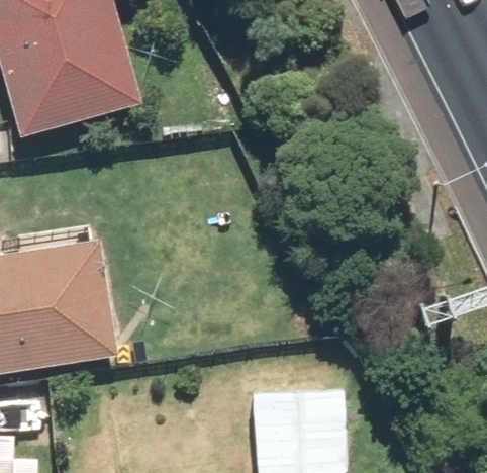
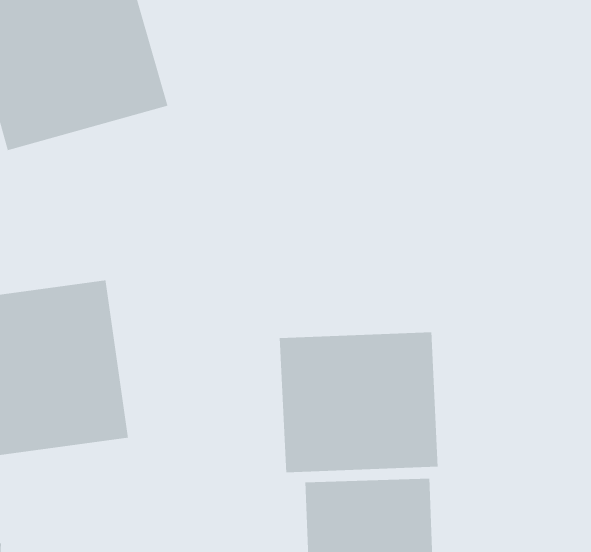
building: none -> [279,331,438,473]

